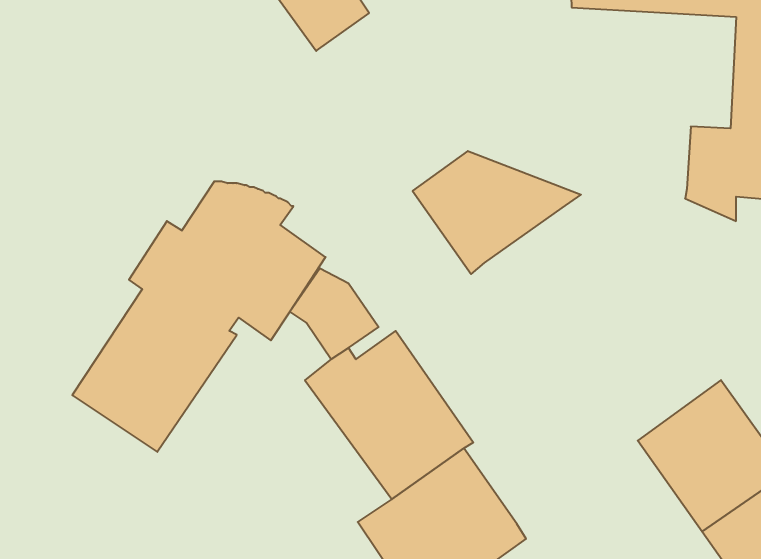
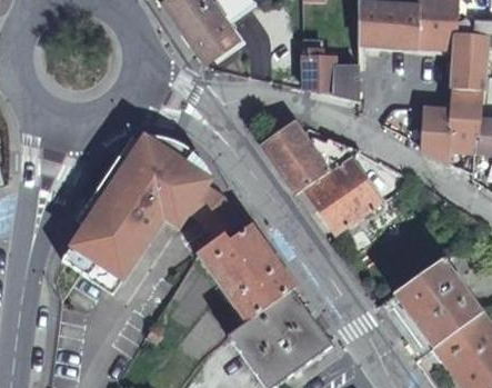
building: none -> [300,53,358,102]
building: none -> [303,153,381,232]

